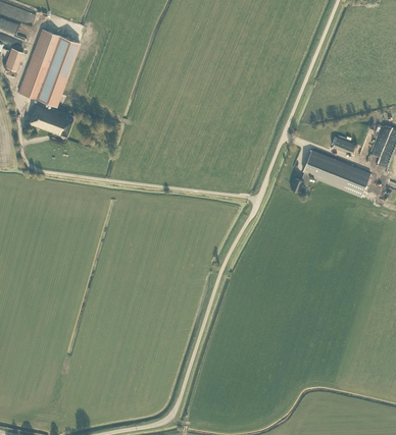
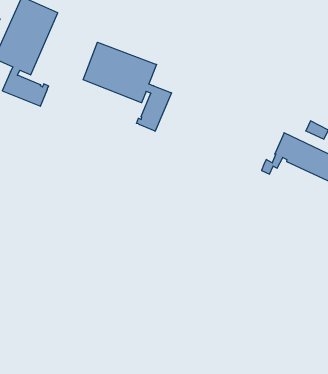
building: none -> [83,42,171,131]

